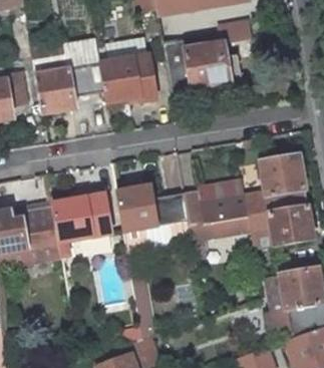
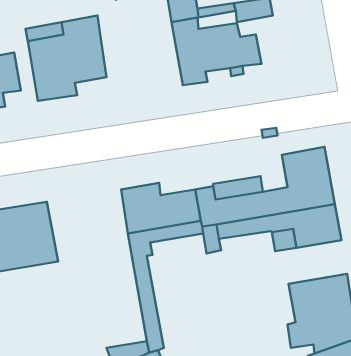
building: [98,35,155,102] -> none
building: [51,194,111,256] -> none

